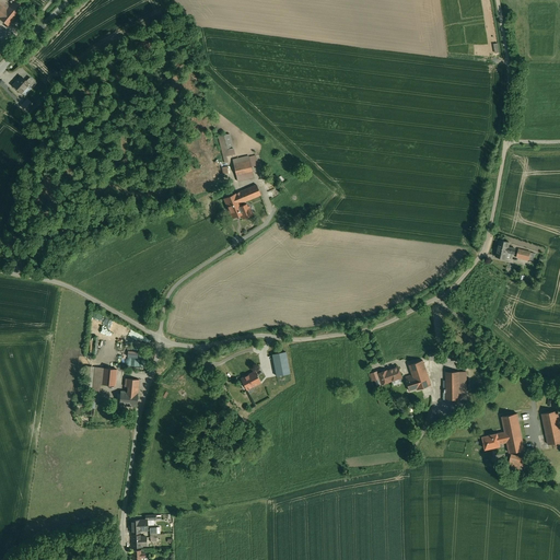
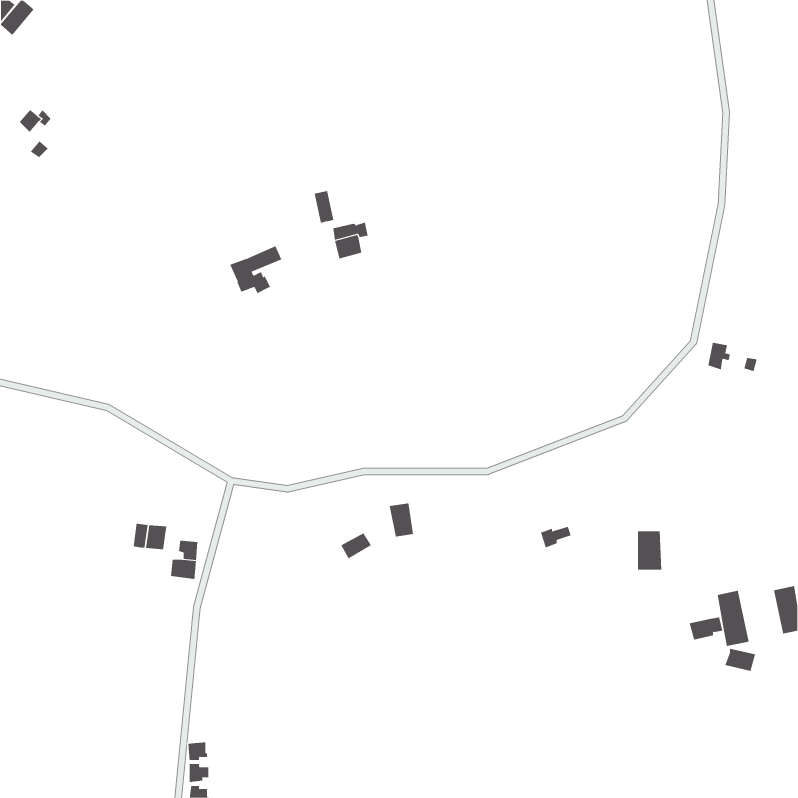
building: [223,185,260,219] -> [229,245,282,294]
building: [402,360,431,390] -> none

